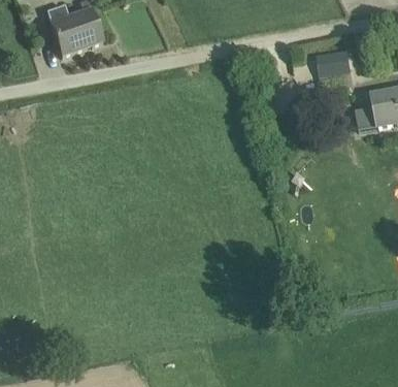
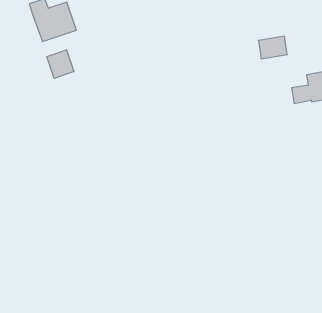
building: none -> [47,50,74,78]

